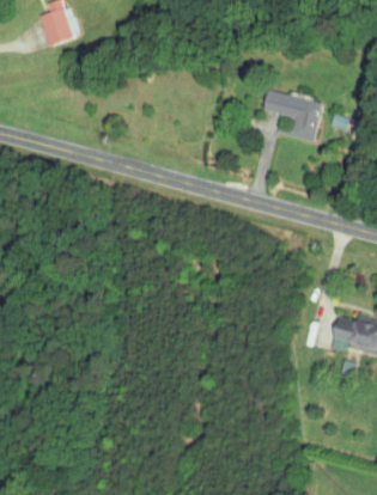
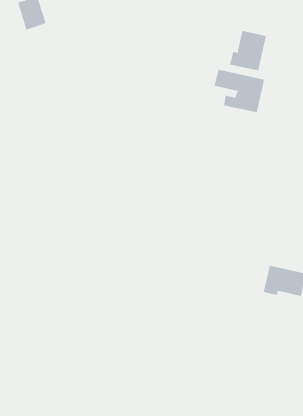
building: none -> [230,30,266,71]

